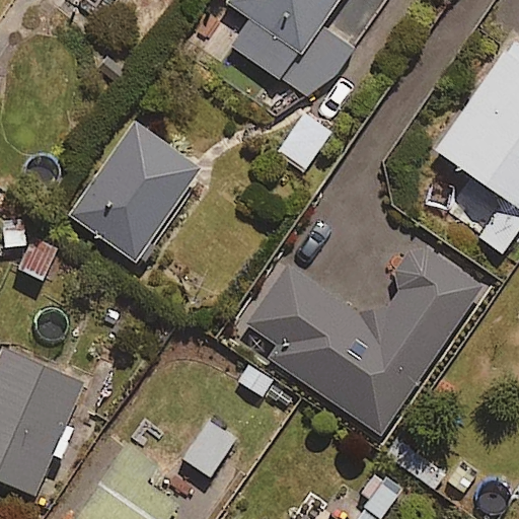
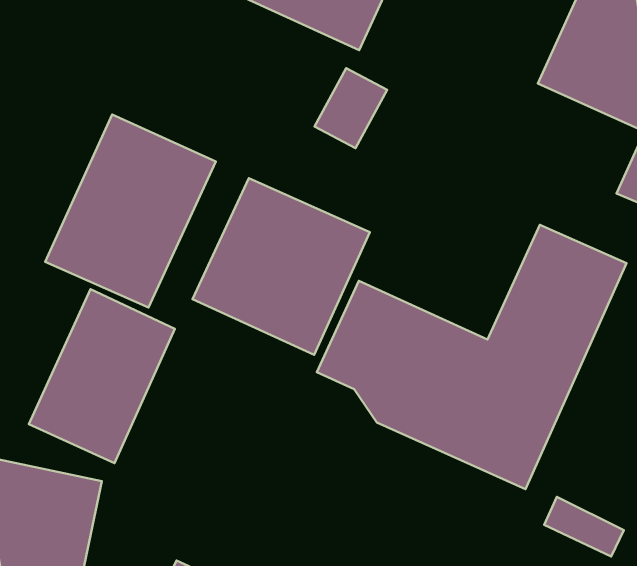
building: none -> [192,178,370,355]
building: none -> [29,289,175,463]

